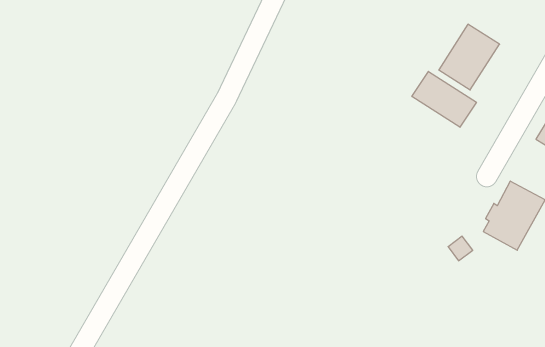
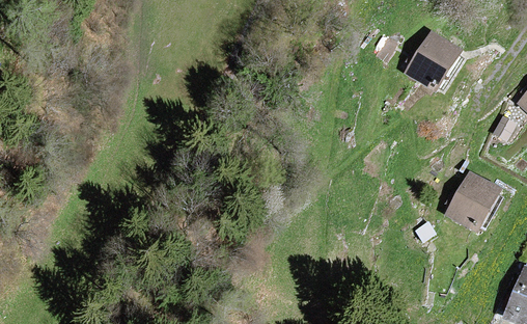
building: [412,71,476,127] -> none

